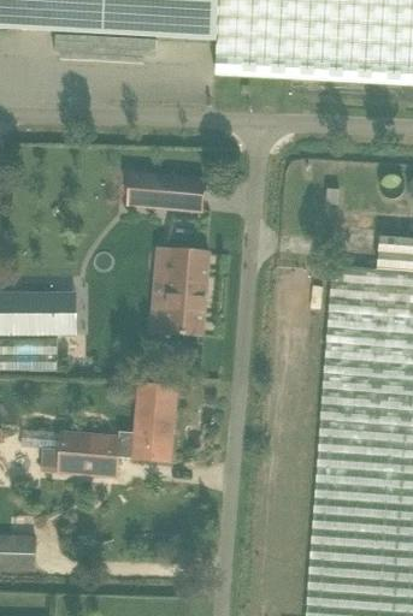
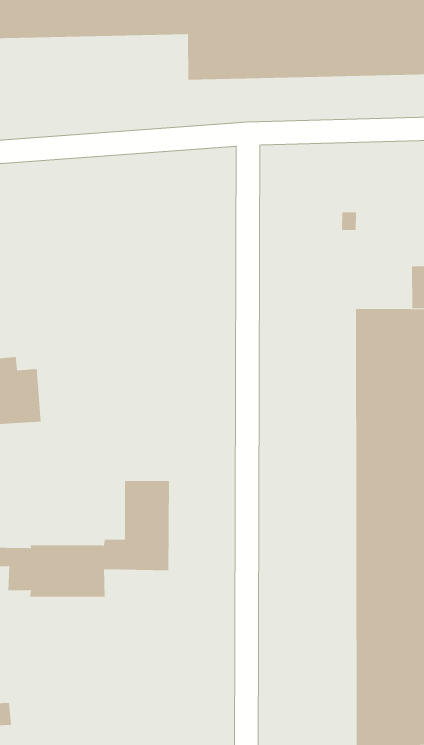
building: [129,170,207,212] -> none
building: [165,248,208,334] -> none

